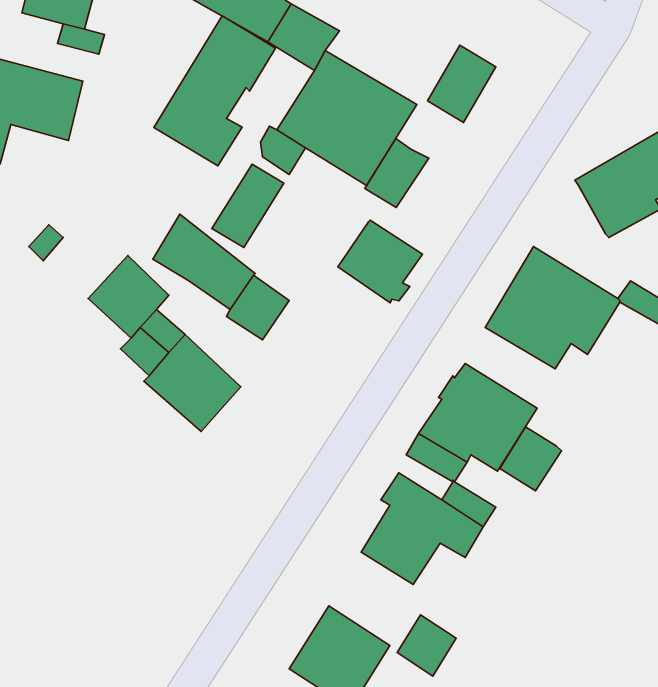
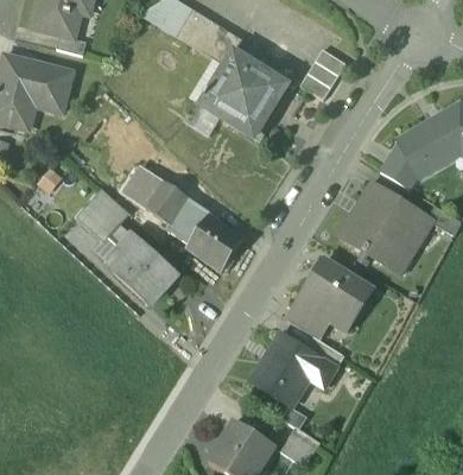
building: [154,16,276,166] -> none
building: [365,138,429,208] -> none
building: [212,164,284,247] -> none
building: none -> [380,141,417,188]
building: [338,220,422,303] -> [188,216,243,271]
building: [500,427,561,491] -> none

